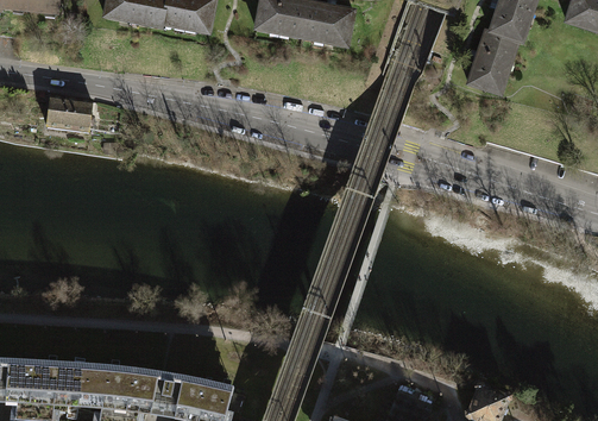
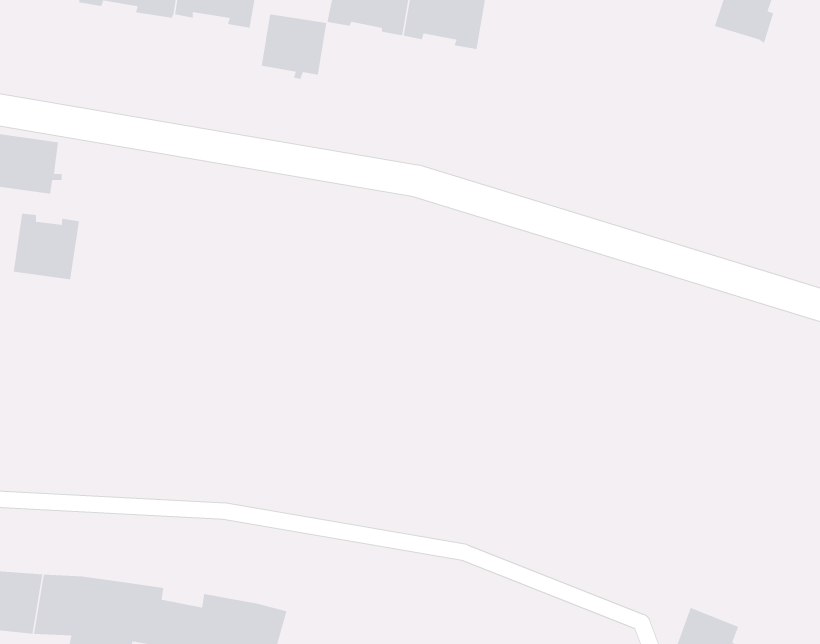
building: none -> [261,13,327,80]
building: [468,29,518,93] -> none
building: none -> [13,213,80,280]

